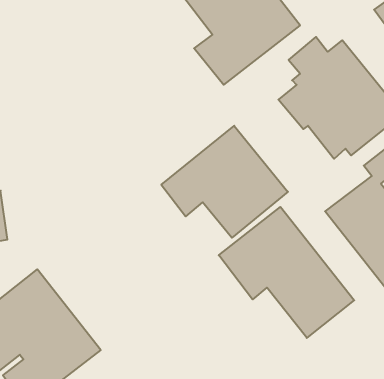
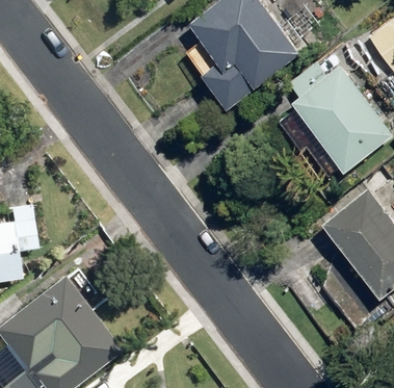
building: [161,126,288,238] -> none
building: [219,207,354,338] -> none

